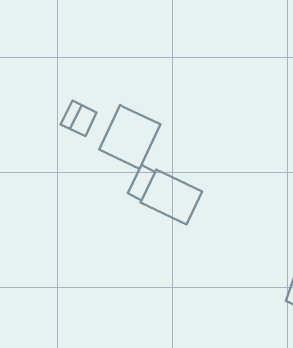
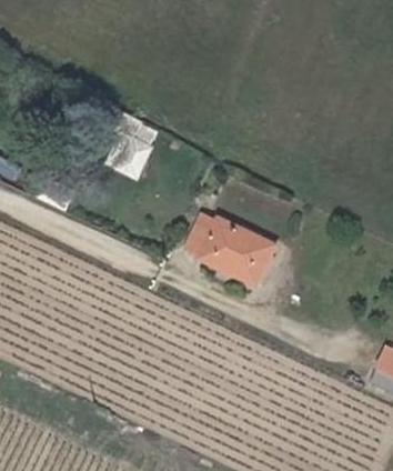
building: [99,105,161,169] -> none

